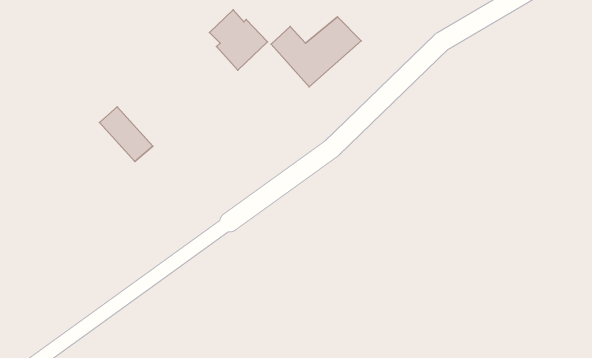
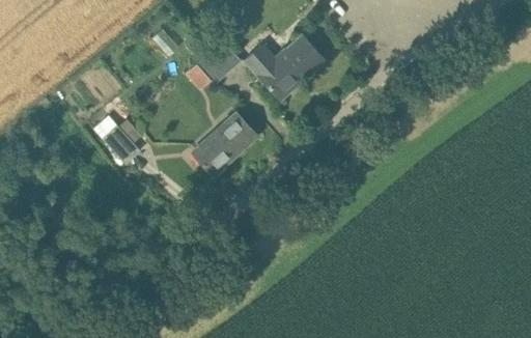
building: none -> [194,114,257,176]

